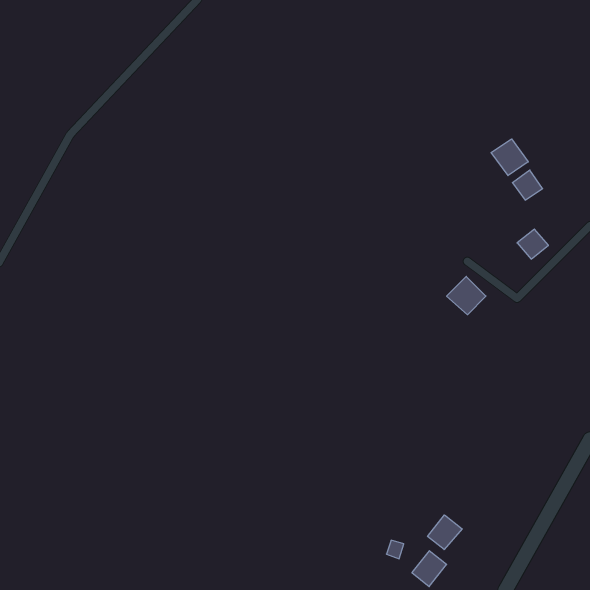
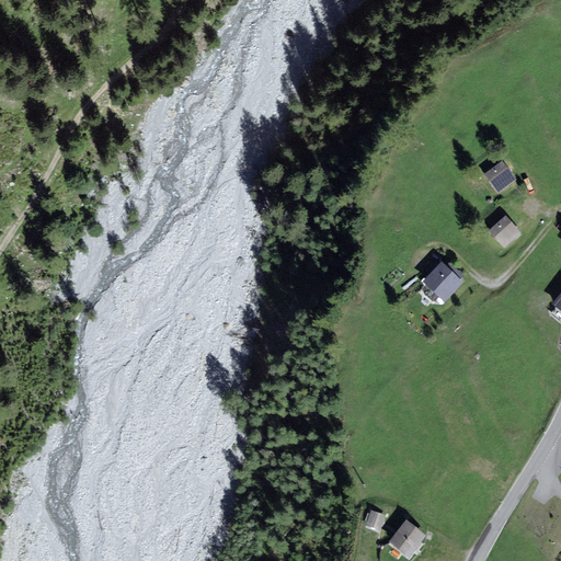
building: [491,139,528,176] -> none
building: [428,515,462,550] -> none

